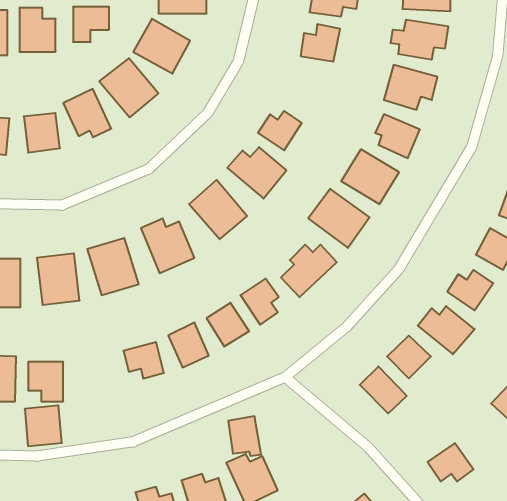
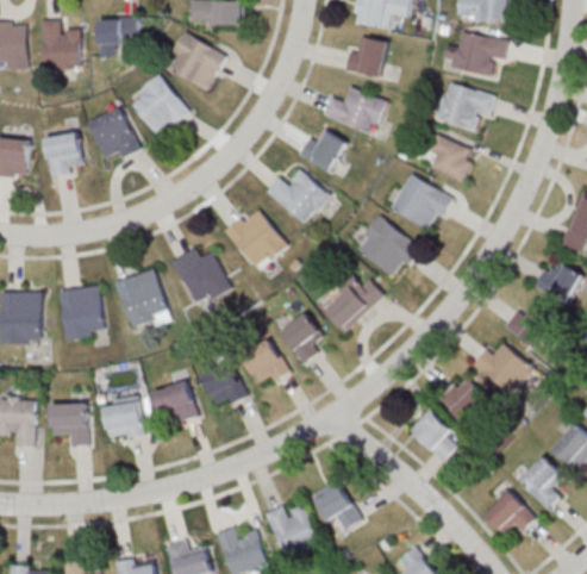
building: none -> [323,86,386,133]
building: [25,406,62,446] -> [102,395,143,439]
building: none -> [518,456,561,509]
building: [228,416,261,456] -> [318,483,354,526]

